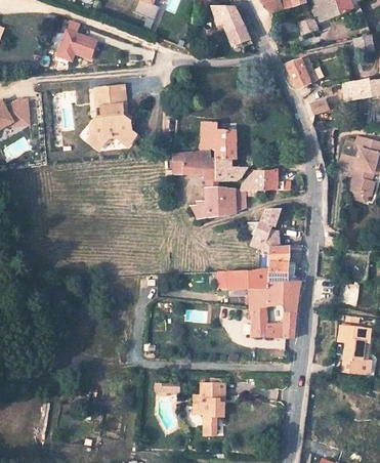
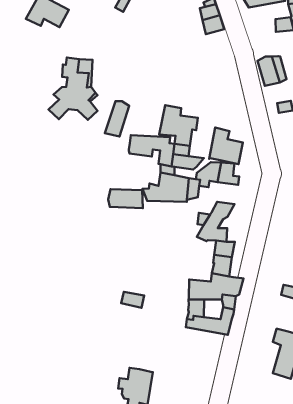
building: none -> [105,101,129,136]
building: none -> [209,128,243,164]
building: none -> [108,189,143,208]
building: [227,269,270,289] -> none

